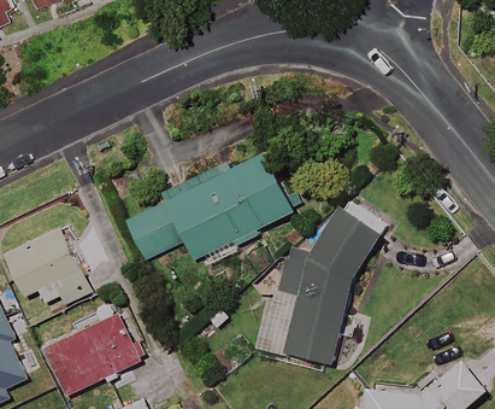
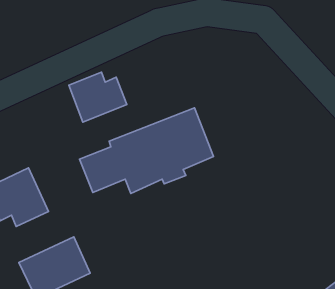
building: none -> [69,72,127,122]
building: [253,198,389,364] -> none

